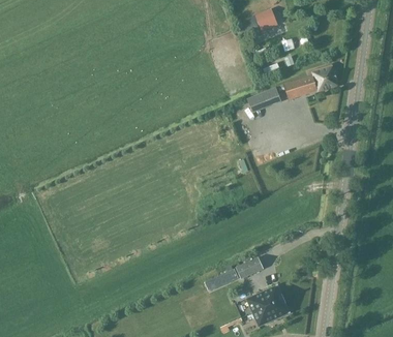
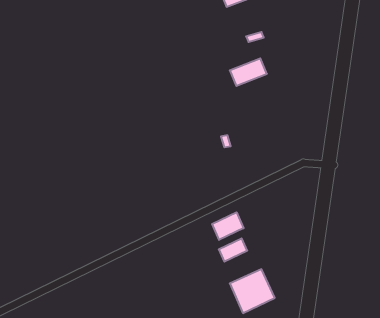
building: [277,61,338,99] -> none
building: none -> [212,212,244,240]

